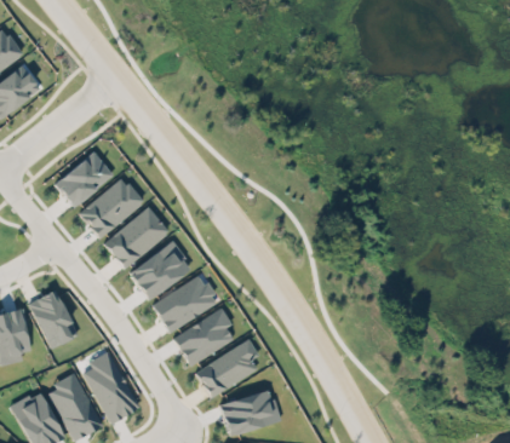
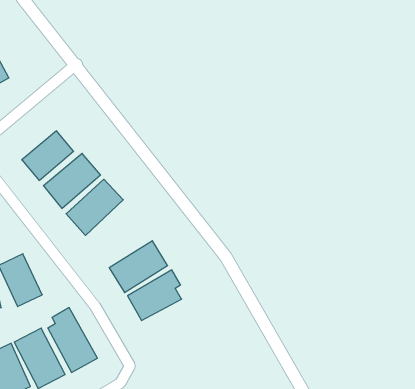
building: [128,242,191,299] -> none
building: [195,338,258,397] -> none
building: [219,389,280,435] -> none

